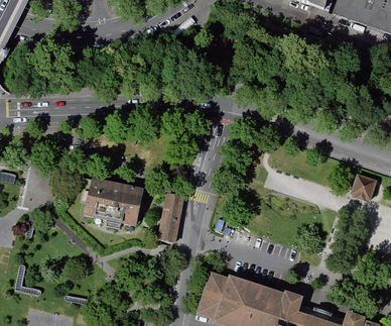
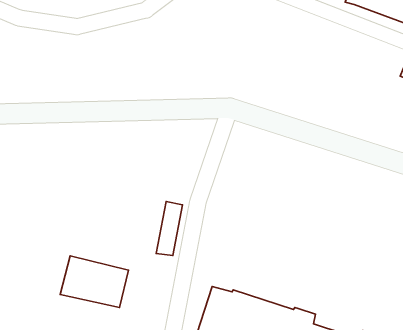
building: [354,171,380,200] -> none
building: [83,178,145,225] -> [60,256,128,308]

